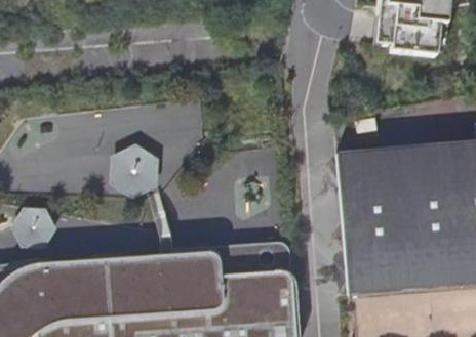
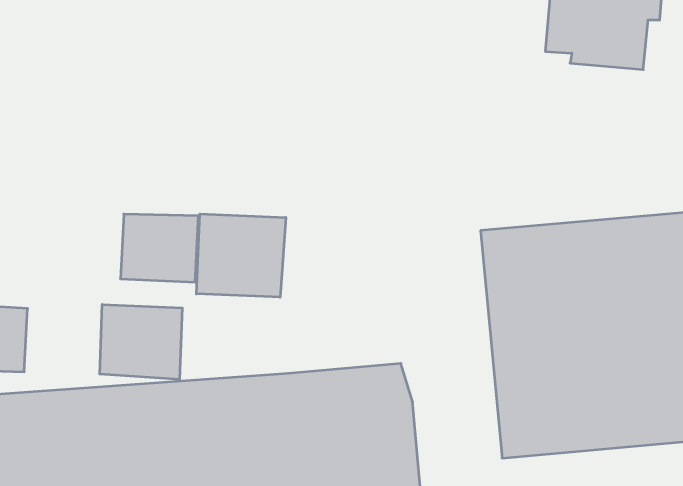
building: none -> [196,214,286,297]
building: none -> [100,304,182,379]

